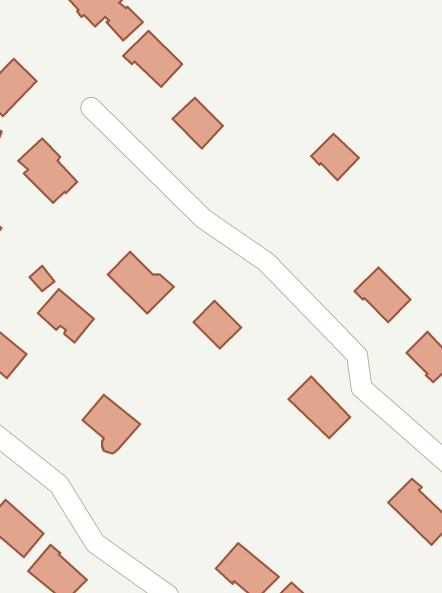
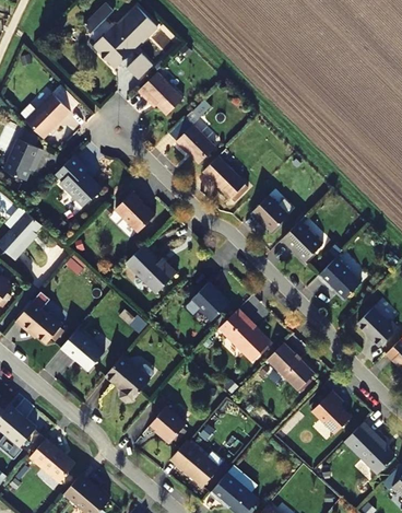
building: [311,134,359,180] -> [251,196,288,232]
building: none -> [202,156,246,199]
building: none -> [115,193,154,232]
building: none -> [282,221,323,261]
building: [38,289,94,342] -> [61,329,105,371]
building: none -> [218,308,270,361]
building: none -> [310,390,351,434]
building: none -> [151,407,186,443]
building: none -> [170,440,220,487]

